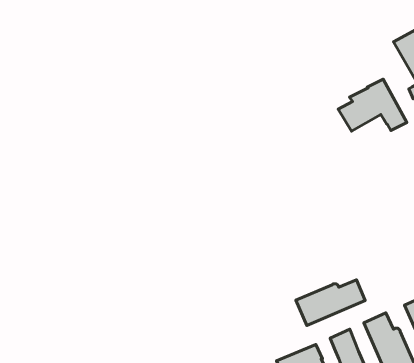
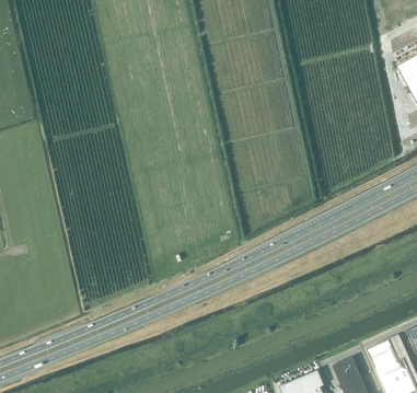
building: [338,79,407,131] -> none
building: [296,280,365,326] -> none

